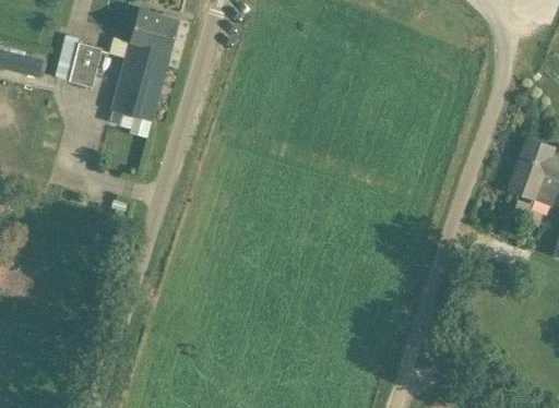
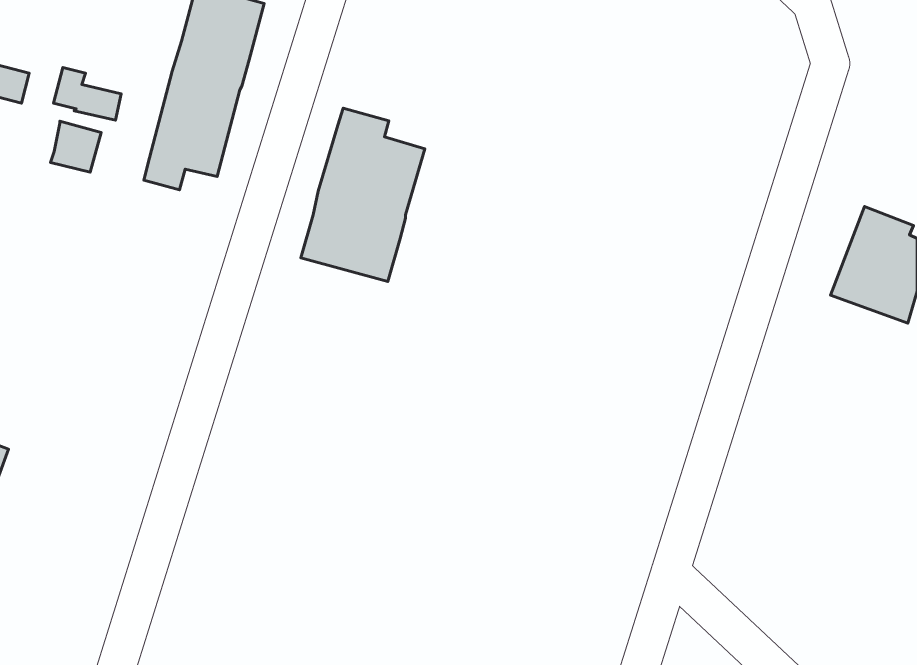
building: [73,41,103,71] -> [51,121,101,172]
building: none -> [301,108,425,282]

